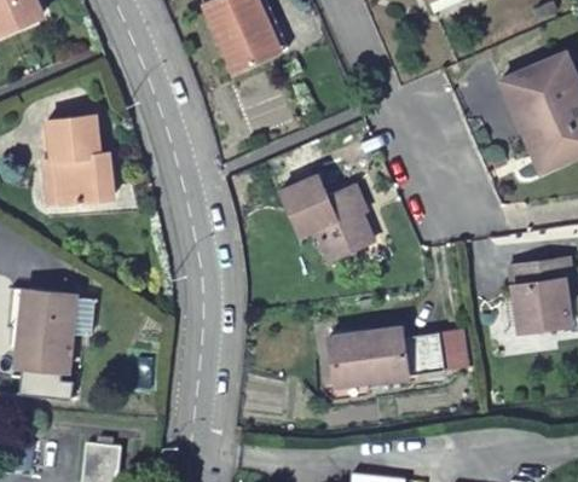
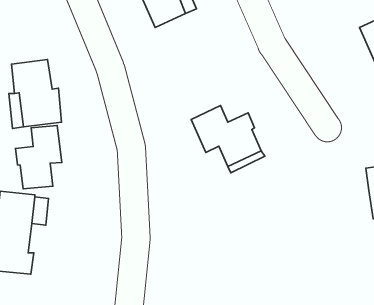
building: none -> [16,125,62,189]
building: [331,325,449,383] -> none

